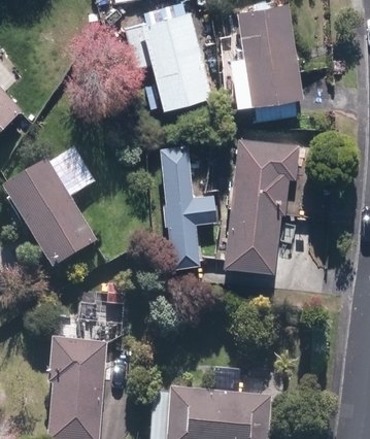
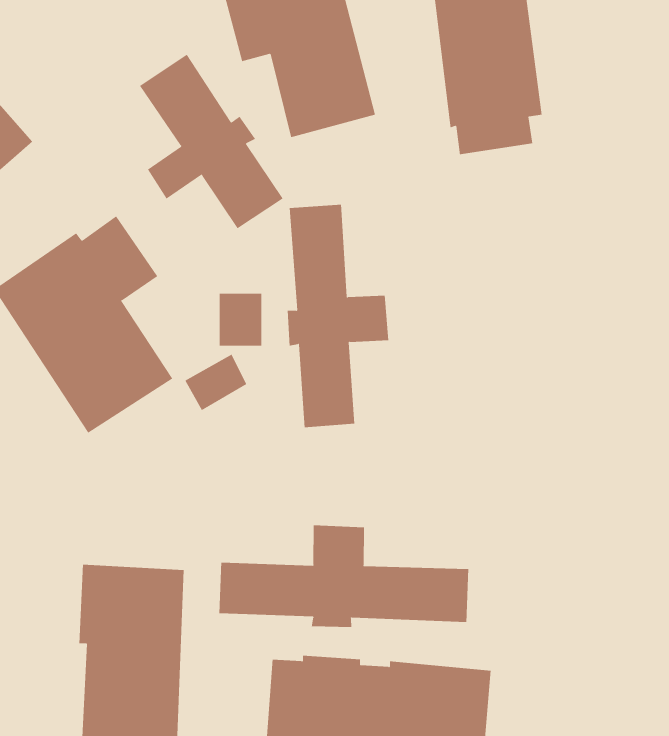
building: none -> [139,54,283,229]
building: [226,135,314,267] -> none
building: none -> [219,524,469,628]

